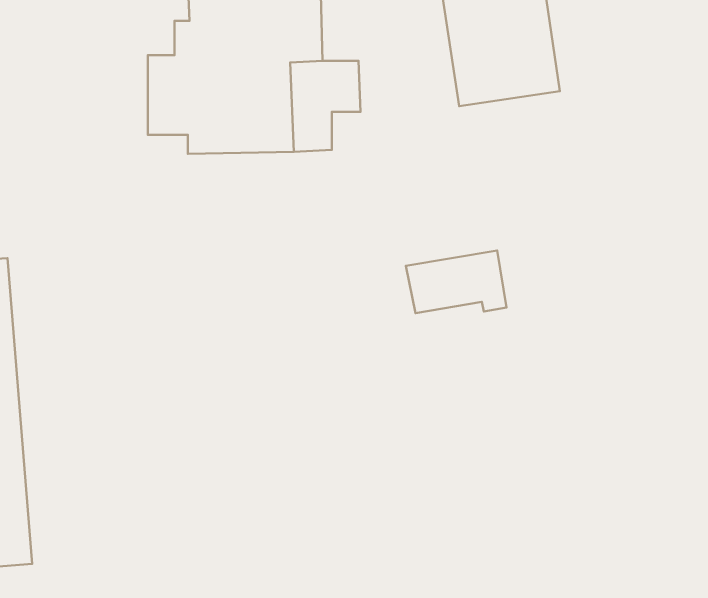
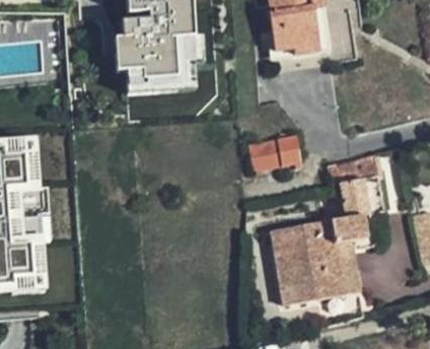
building: none -> [269,153,377,306]

